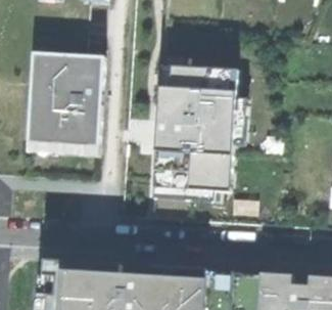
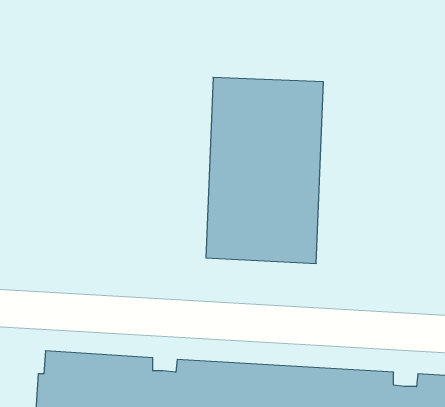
building: [23,51,102,156] -> none

